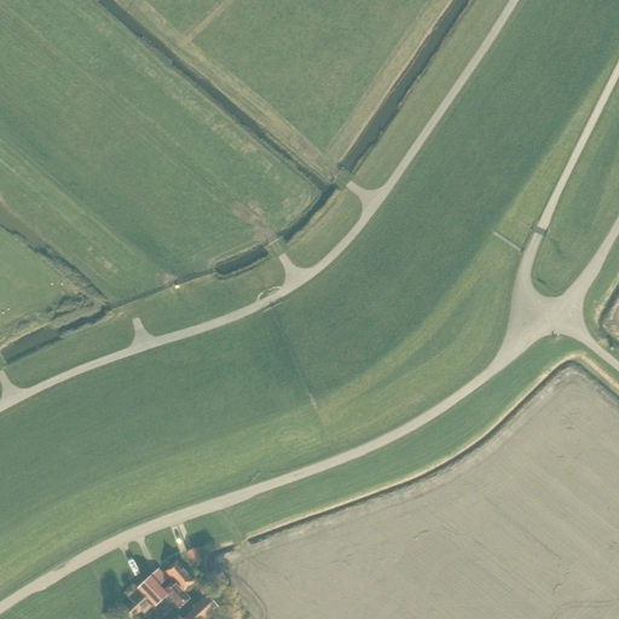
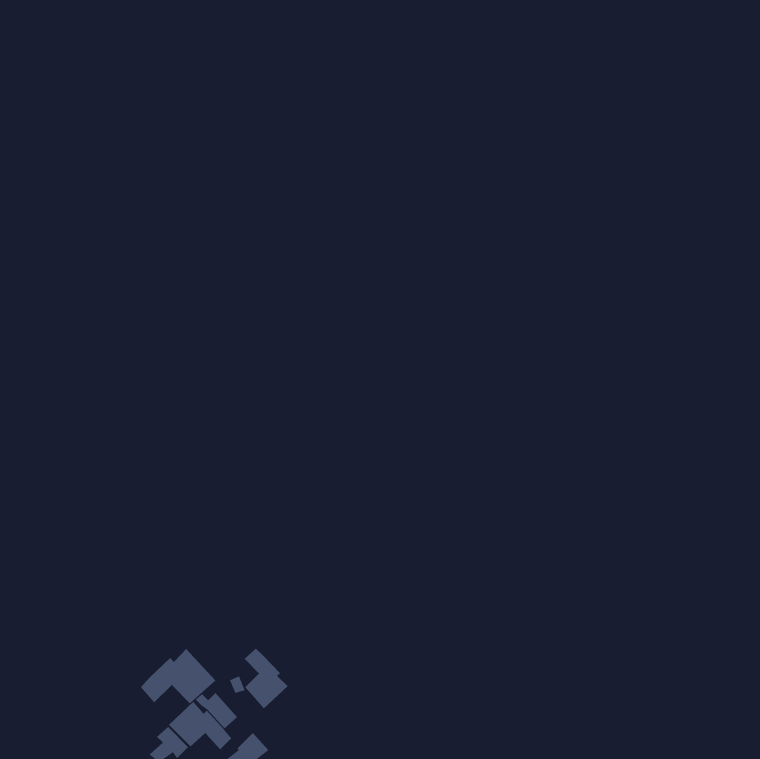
building: none -> [244,648,288,709]
building: none -> [140,648,216,704]

